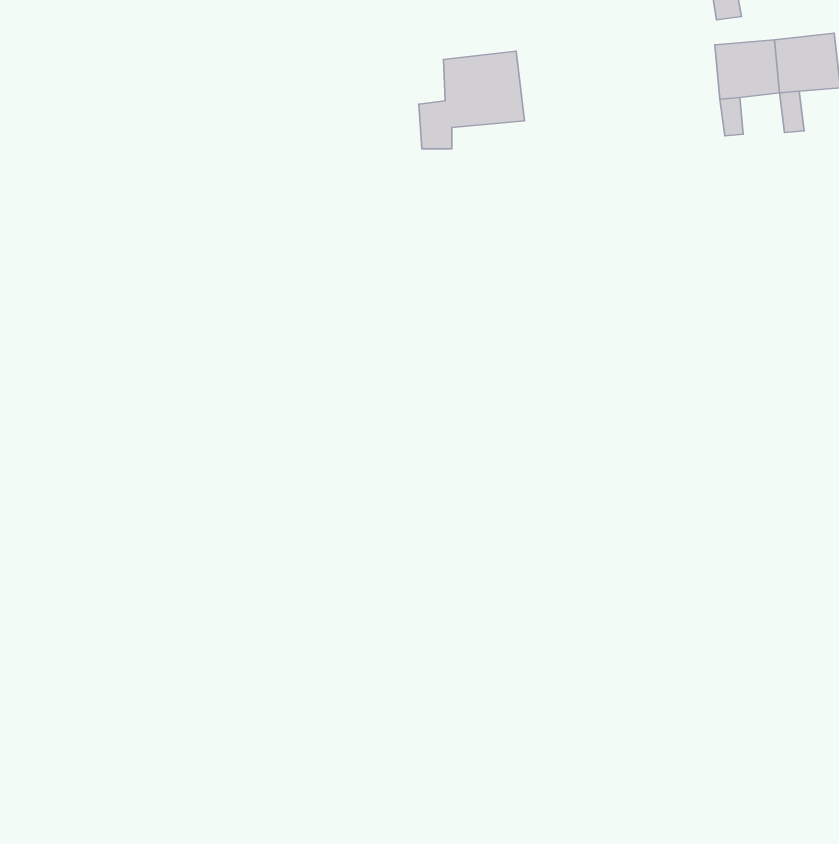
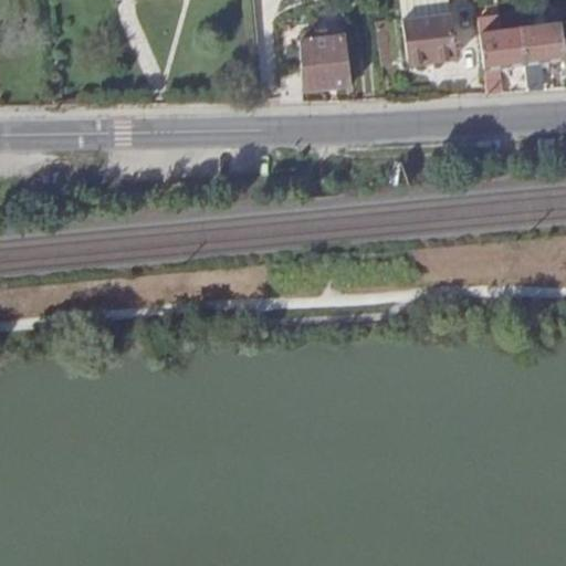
building: none -> [402,13,460,60]

